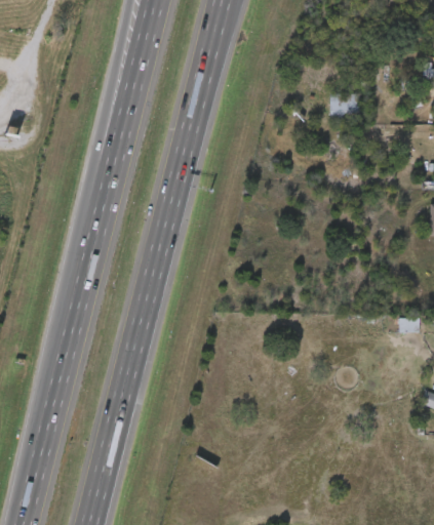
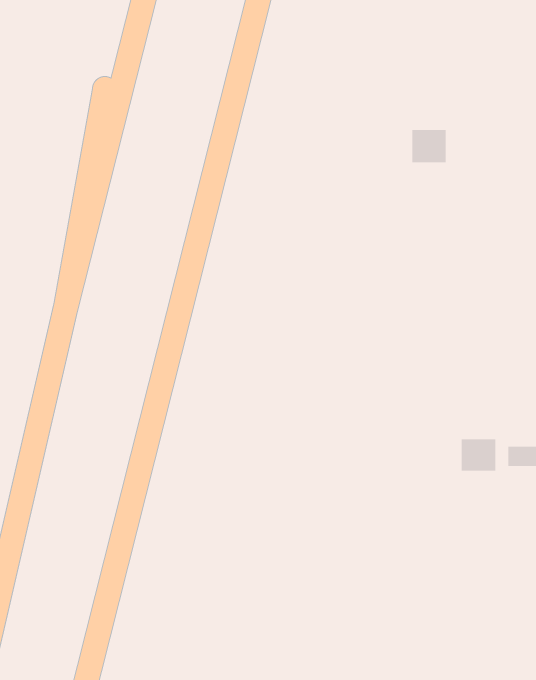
building: none -> [461,439,496,471]

